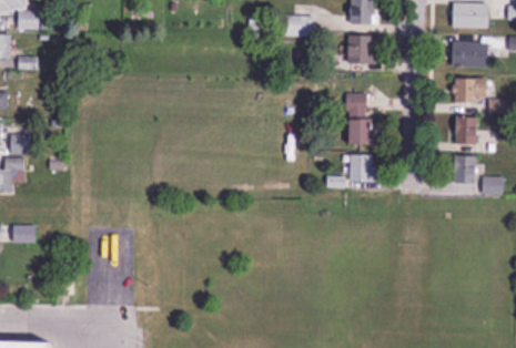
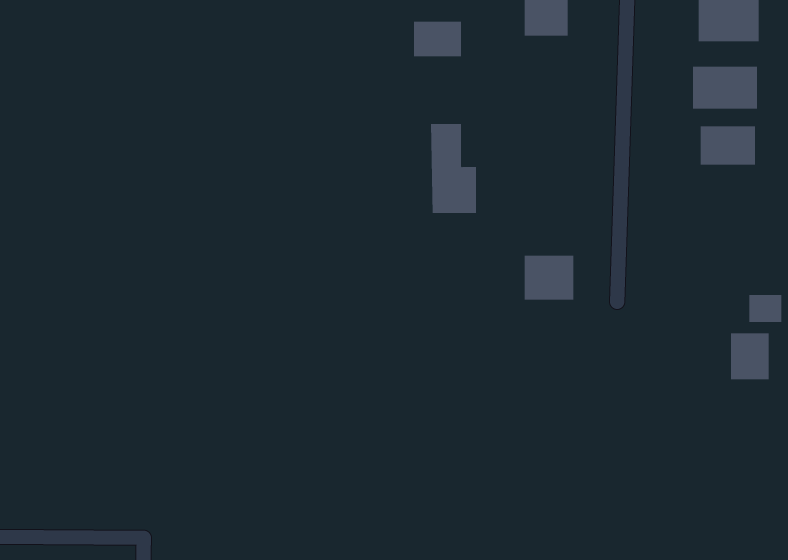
building: [348,34,375,62] -> none
building: [346,91,374,144] -> [430,123,477,213]
building: [453,114,477,143] -> none
building: [453,155,476,183] -> [730,333,770,380]

